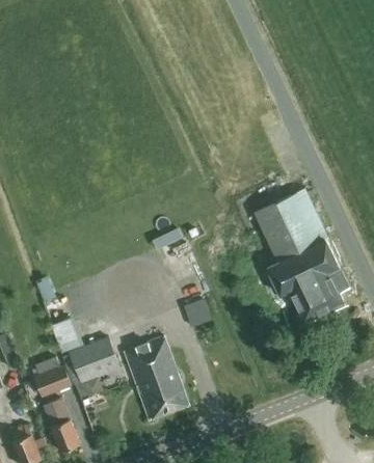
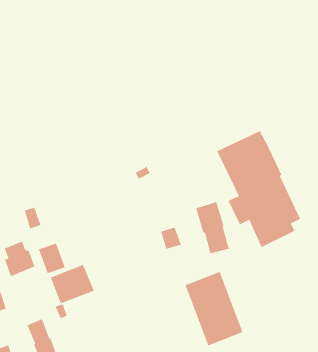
building: none -> [195,201,230,254]
building: [123,337,188,421] -> [185,271,244,347]
building: [34,356,70,397] -> [4,241,36,277]

